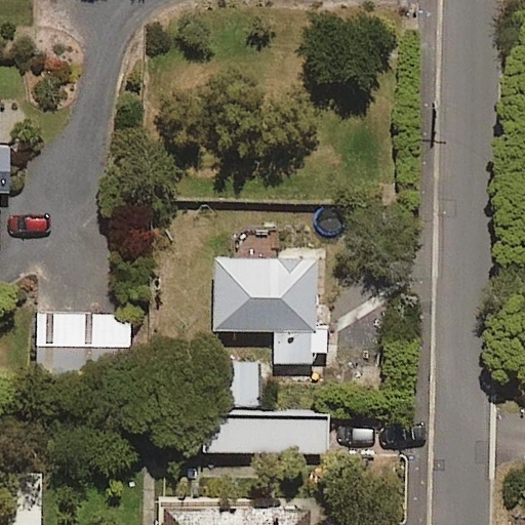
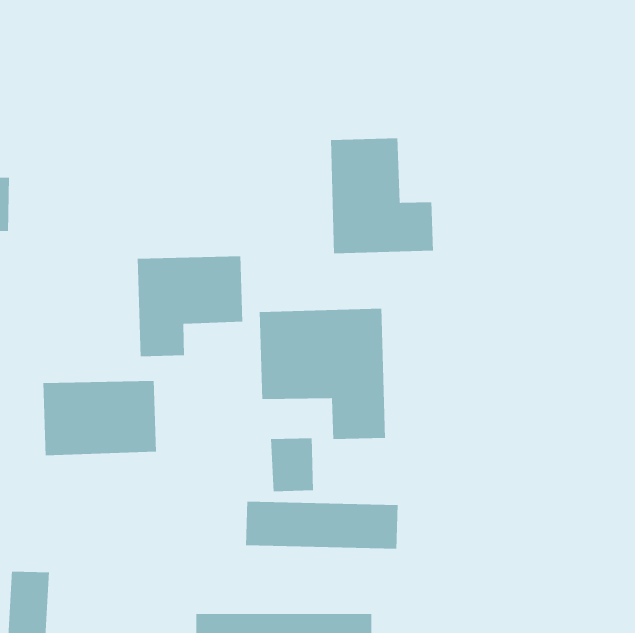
building: none -> [330,137,434,254]
building: none -> [137,255,243,357]

